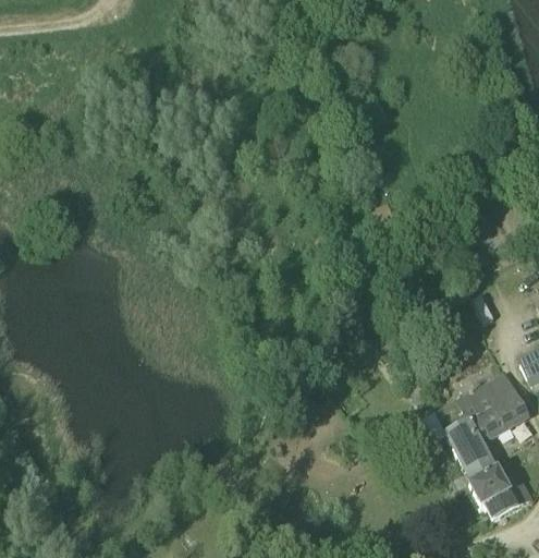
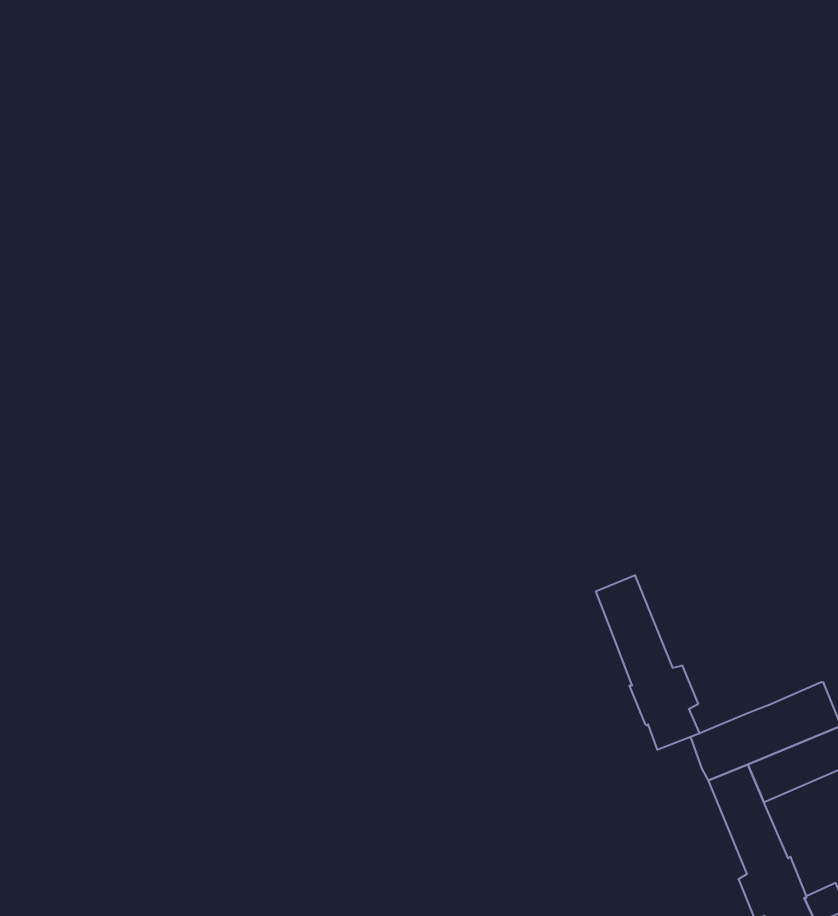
building: none -> [596,575,699,750]

